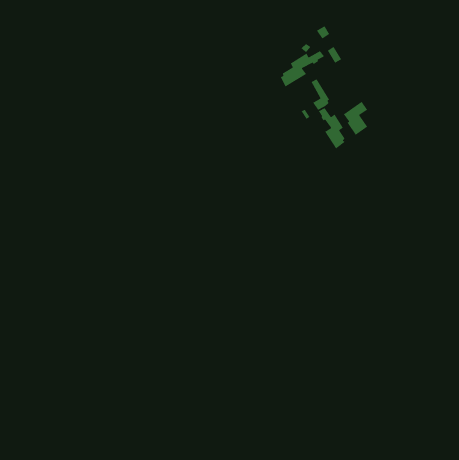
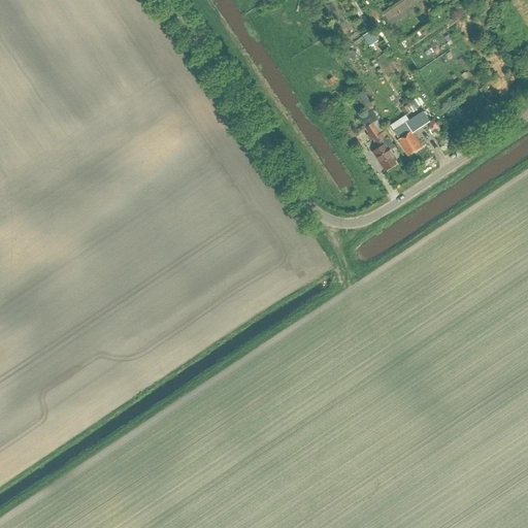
building: [280,50,325,88] -> none

